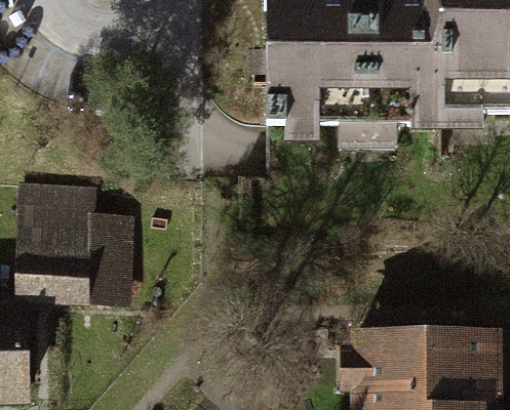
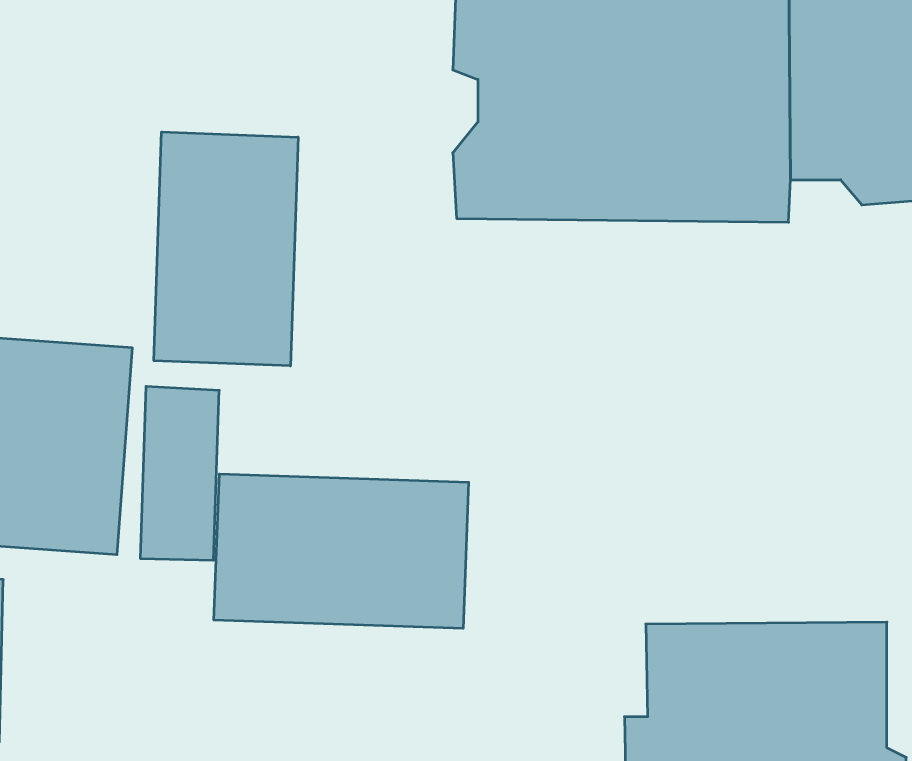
building: none -> [154,132,298,366]
building: none -> [214,474,469,628]

